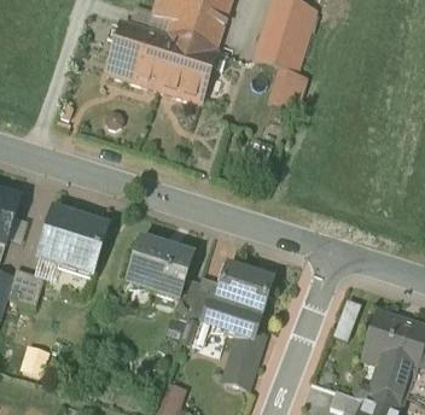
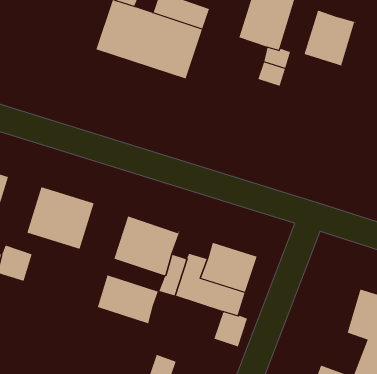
building: none -> [304,10,356,67]
building: none -> [97,274,159,324]

